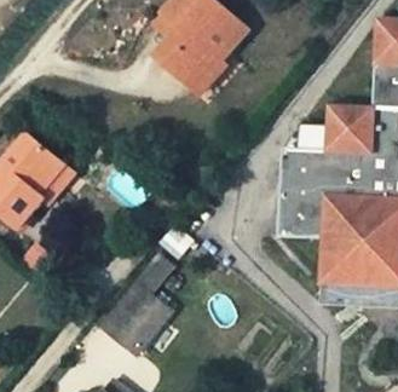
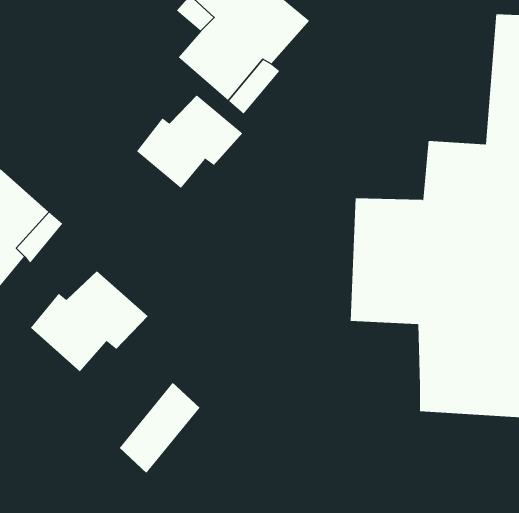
building: none -> [136,95,243,189]
building: none -> [30,270,148,372]

